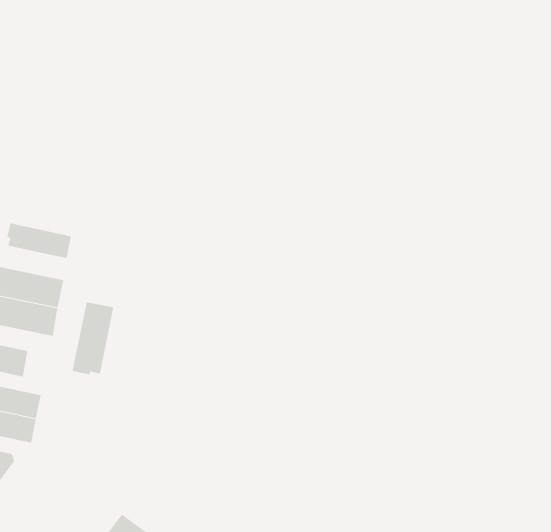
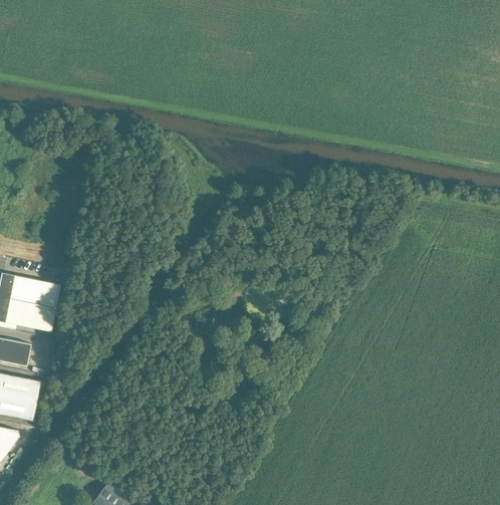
building: [7,223,72,259] -> none
building: [72,302,114,375] -> none

